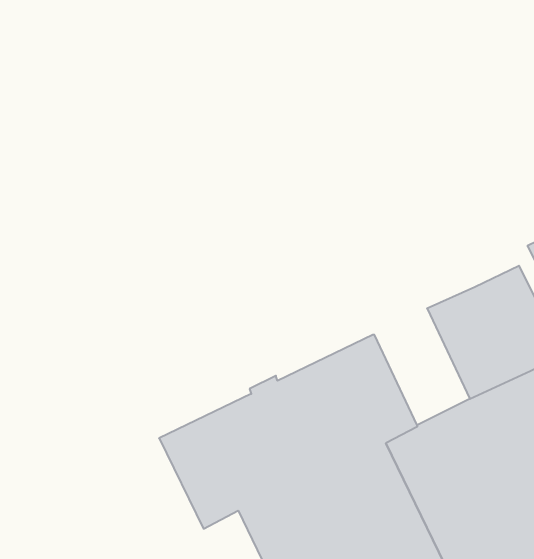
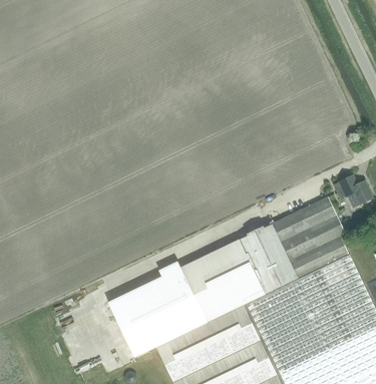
building: none -> [240,224,298,295]

